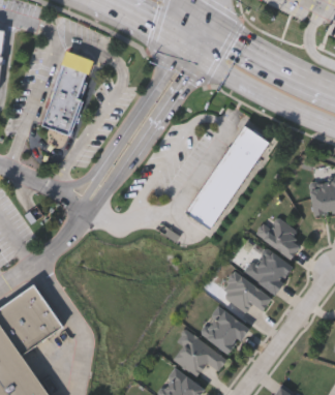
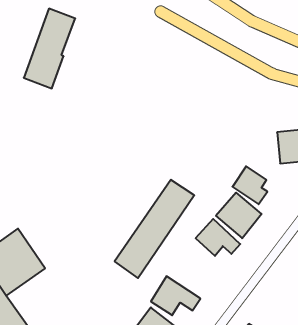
building: [185,124,270,229] -> [115,180,194,278]
building: [205,310,248,355] -> none

